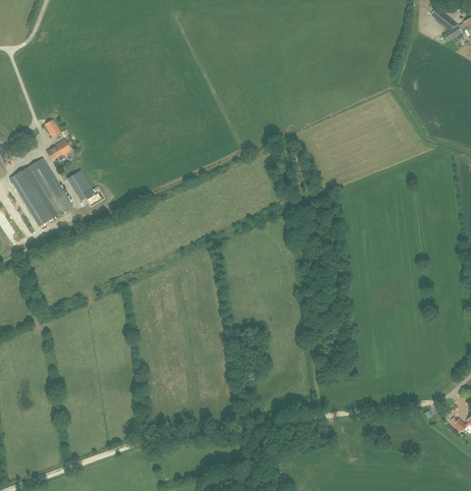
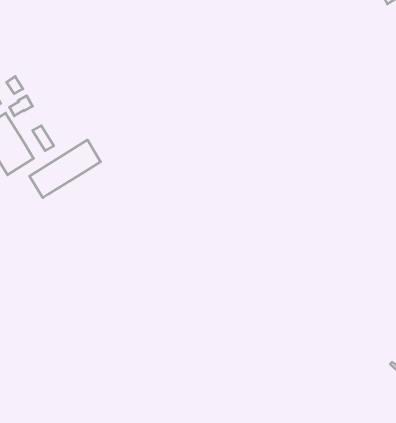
building: none -> [30,140,101,198]

